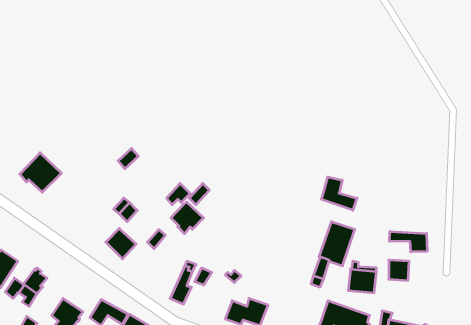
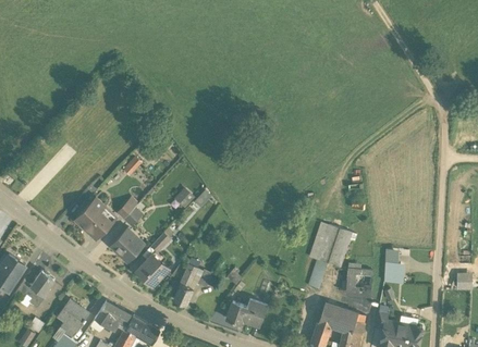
building: [20,153,61,192] -> [76,198,117,236]
building: [322,177,357,210] -> none
building: [171,202,204,234] -> [138,253,170,284]
building: [390,231,427,252] -> none

